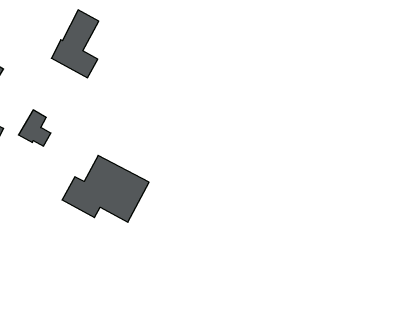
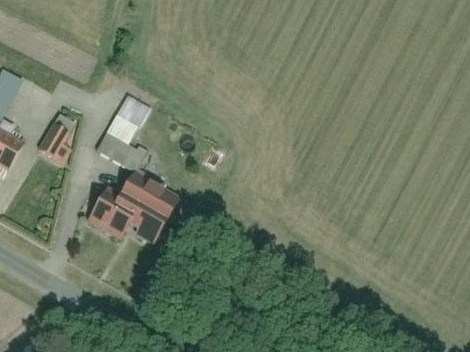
building: [51,10,99,78] -> [98,96,149,169]

